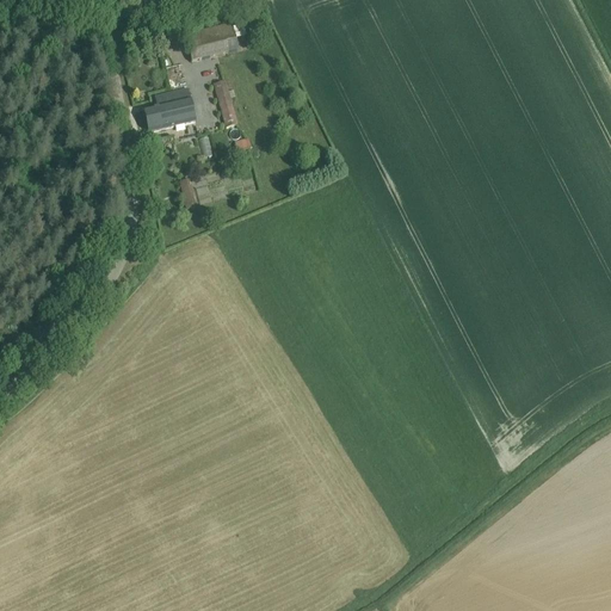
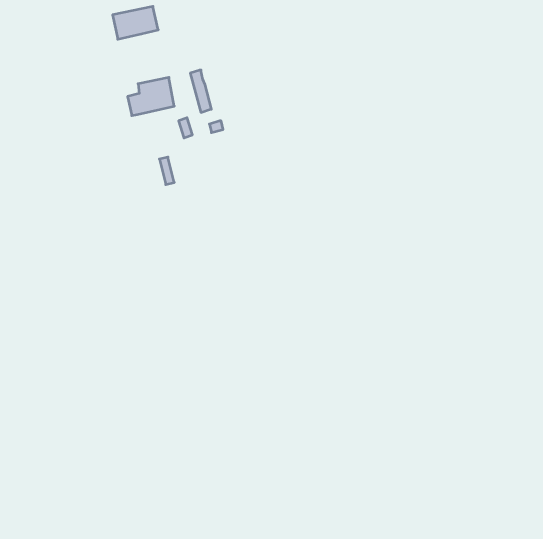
building: [186,23,237,60] -> [113,6,158,39]

